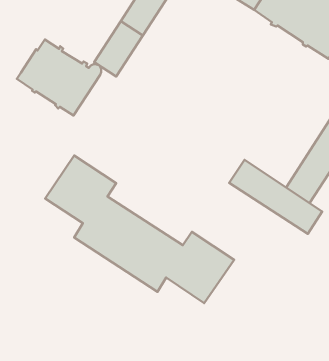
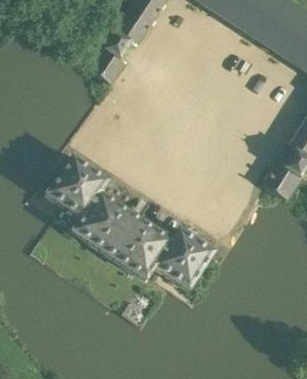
building: [17,40,101,115] -> none
building: [229,160,322,234] -> none

